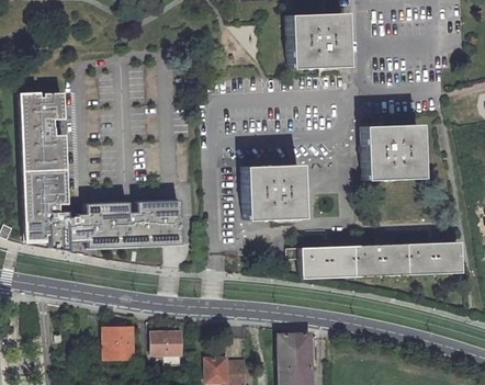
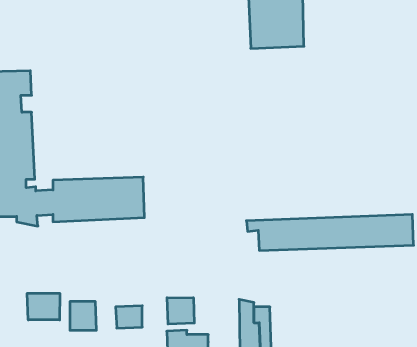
building: [361,124,419,179] -> none
building: [243,162,300,218] -> none
building: none -> [27,293,60,320]
building: none -> [167,298,194,324]

